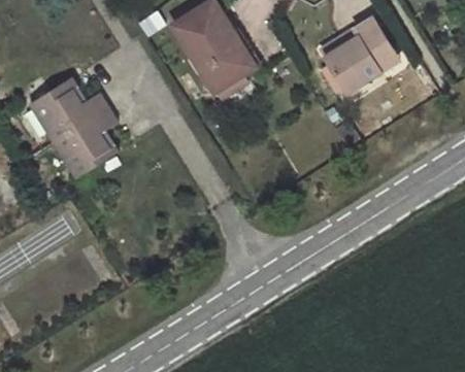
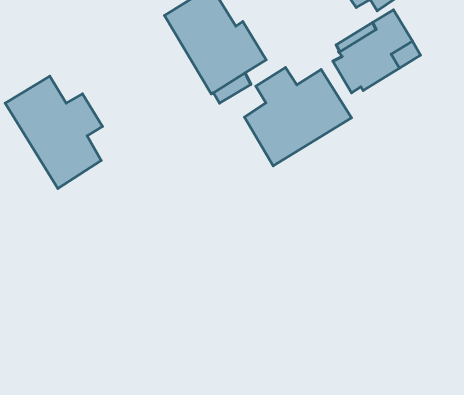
building: none -> [244,67,351,166]

